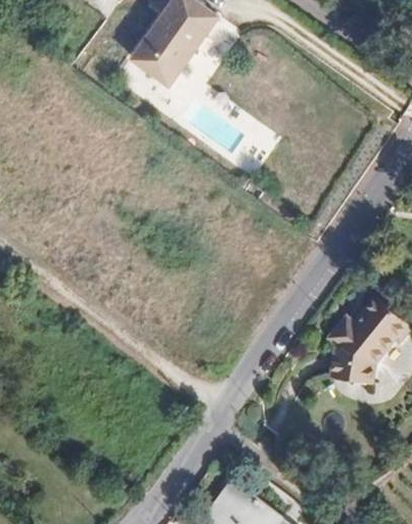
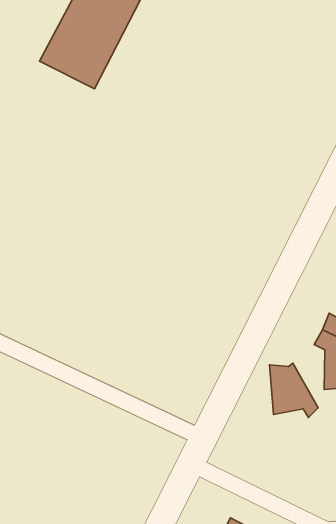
building: none -> [270,363,318,418]

